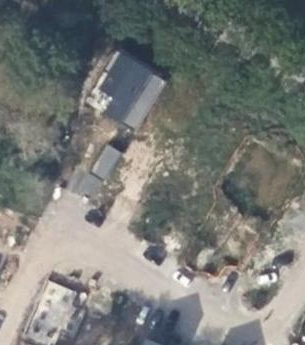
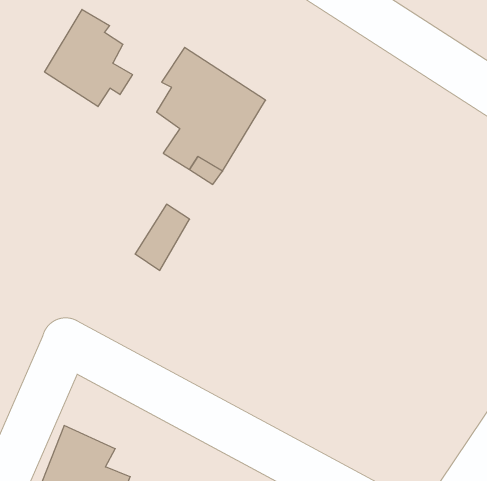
building: none -> [45,9,132,107]

